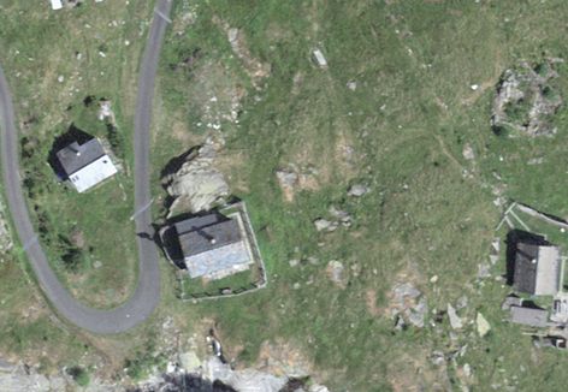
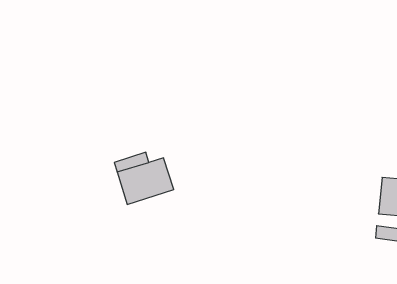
building: [54,137,116,192] -> none

